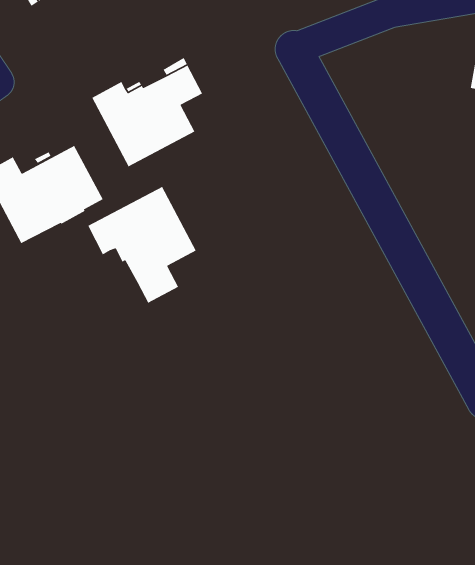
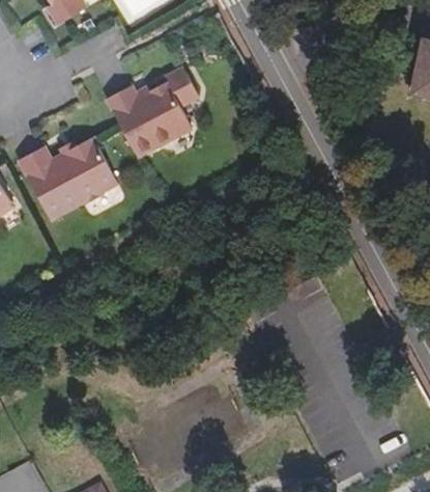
building: [87,186,197,304] -> none

